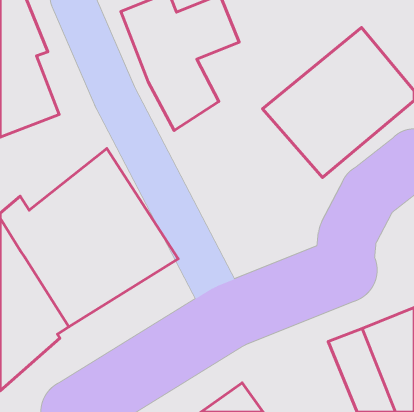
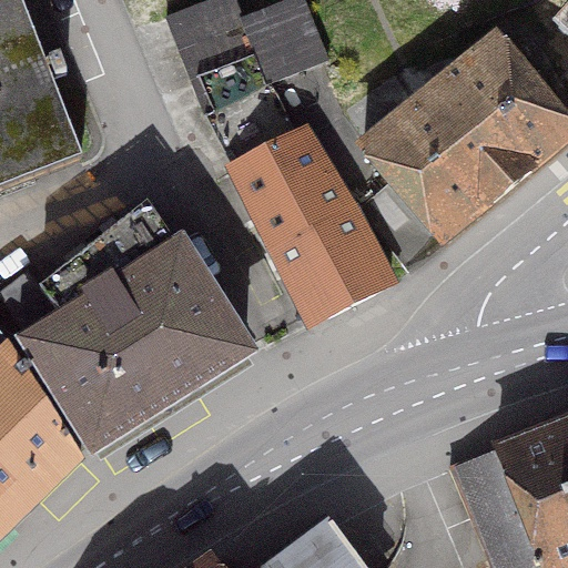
building: none -> [239,136,389,324]

